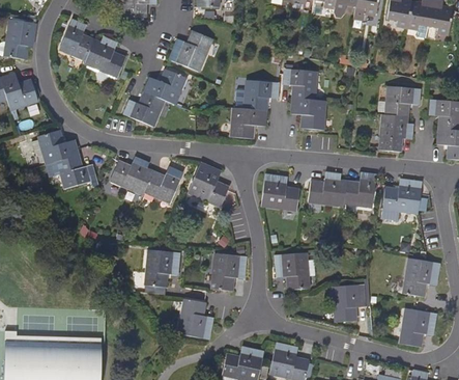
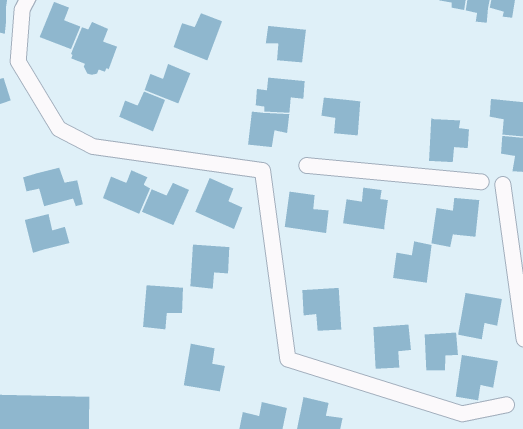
building: [283,69,317,100] -> [265,25,307,63]
building: [383,86,418,116] -> none
building: [38,130,77,163] -> [24,213,71,254]
building: [343,172,376,208] -> [392,241,433,284]
building: [211,254,245,292] -> [190,244,230,289]
building: none -> [424,332,459,371]

